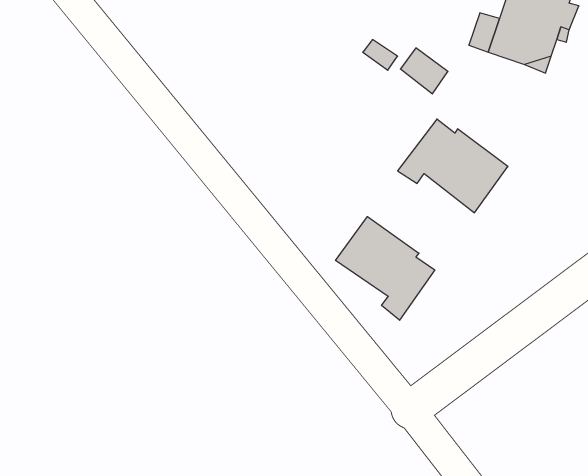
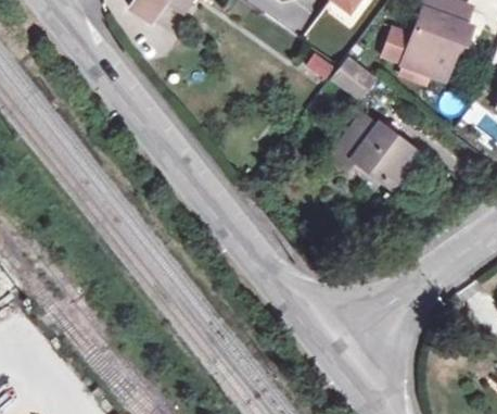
building: [336,217,435,320] -> none

